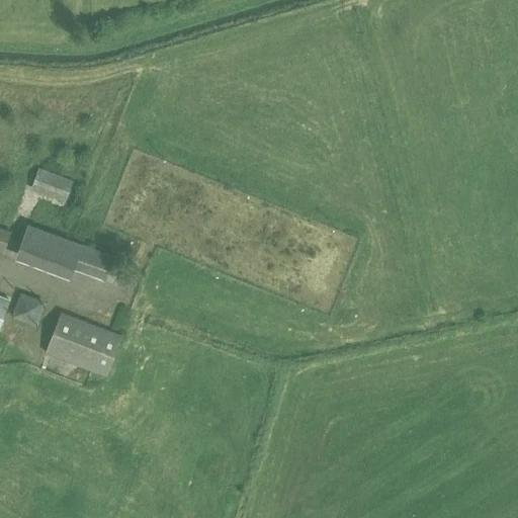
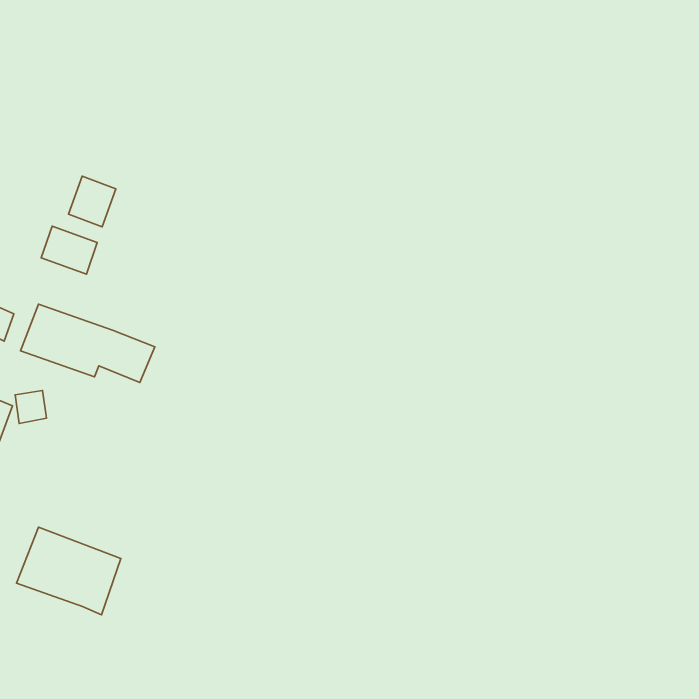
building: none -> [68,176,116,227]
building: [45,313,121,377] -> [17,527,121,615]

